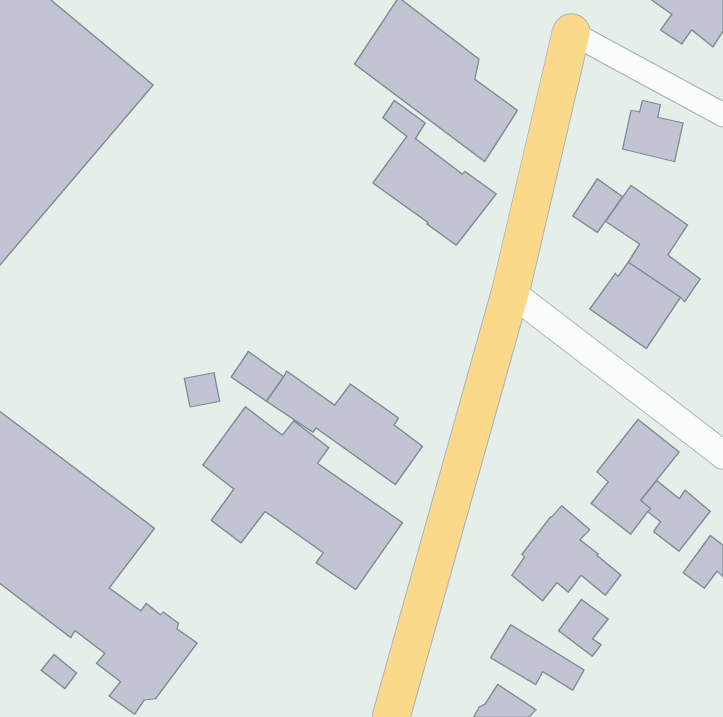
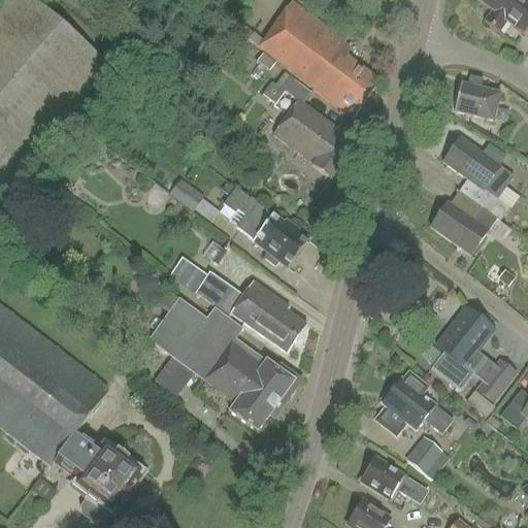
building: [573,179,623,233] -> none
building: none -> [169,177,203,209]
building: none -> [222,186,307,263]

